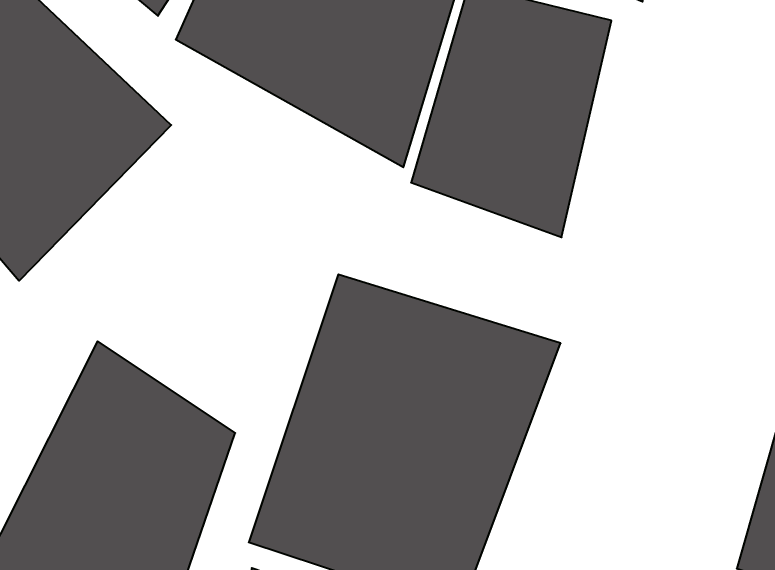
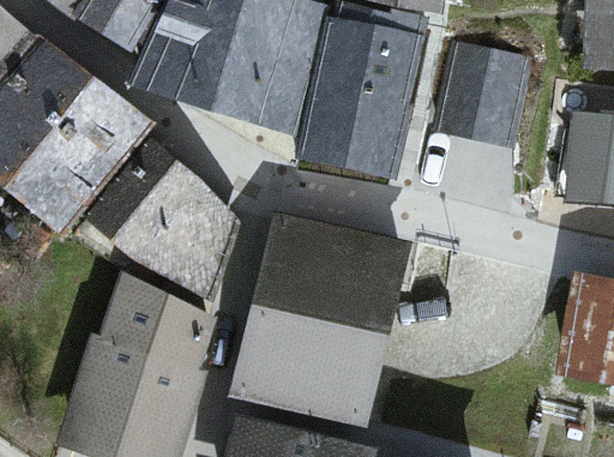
building: none -> [431,41,524,137]
building: none -> [115,160,243,318]

